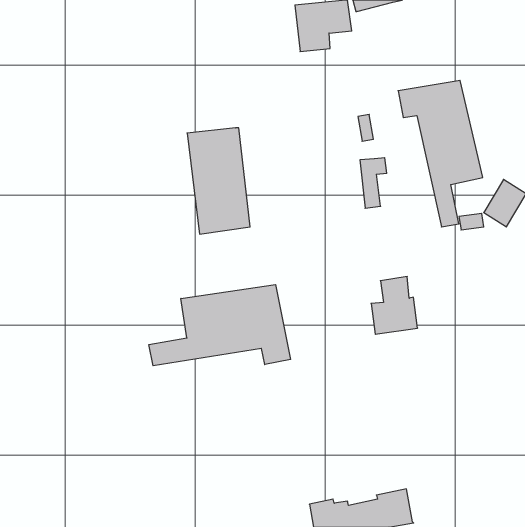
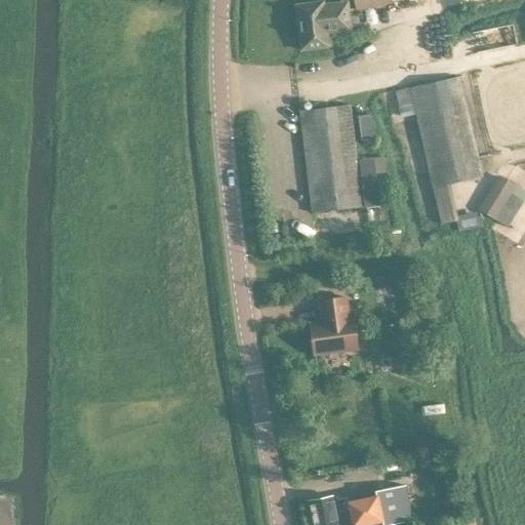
building: [187,128,250,234] -> [299,107,362,212]
building: [371,277,418,334] -> [311,297,357,355]
building: [149,285,291,366] -> none

